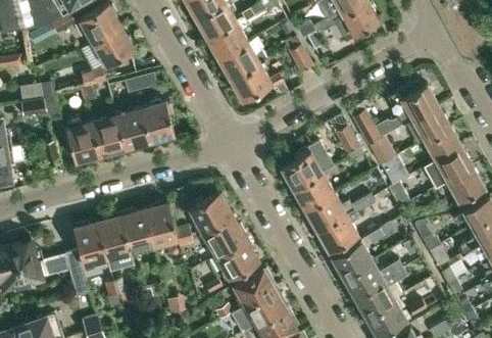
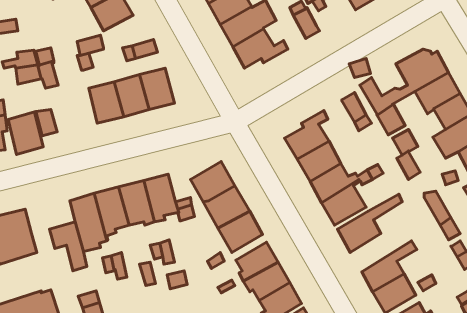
building: [65,120,99,161] -> [8,112,43,154]
building: [343,260,402,297] -> none

